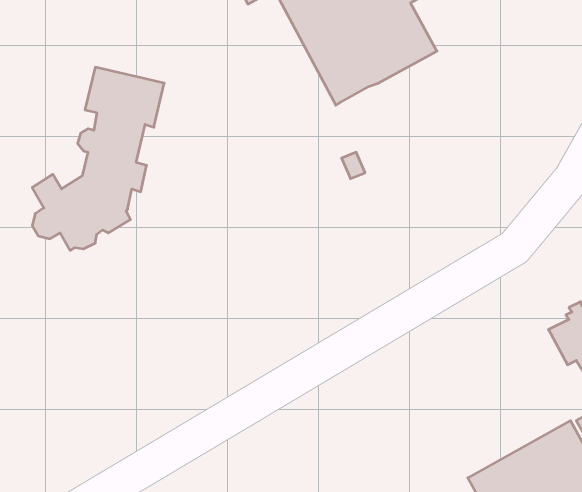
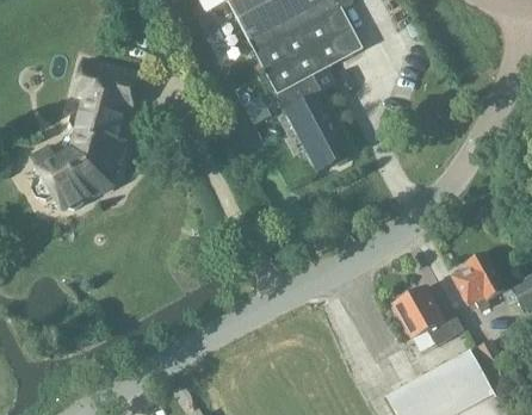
building: none -> [274,74,352,168]
building: none -> [392,285,463,343]

